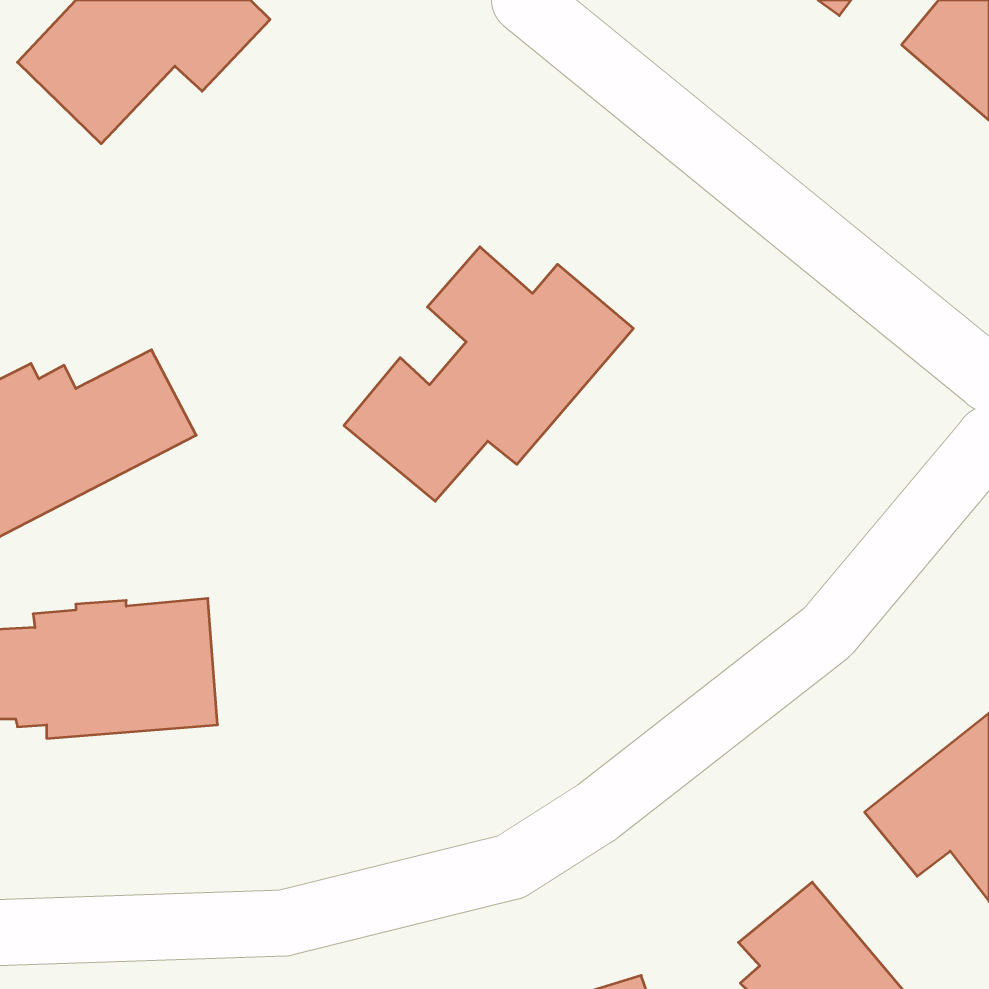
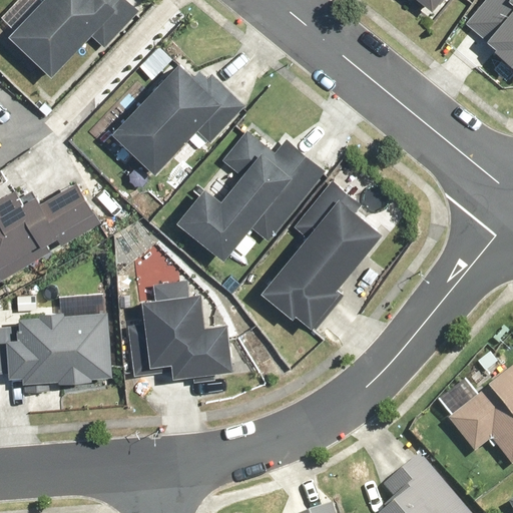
building: none -> [112,62,244,173]
building: none -> [261,180,382,327]
building: none -> [127,280,232,378]

